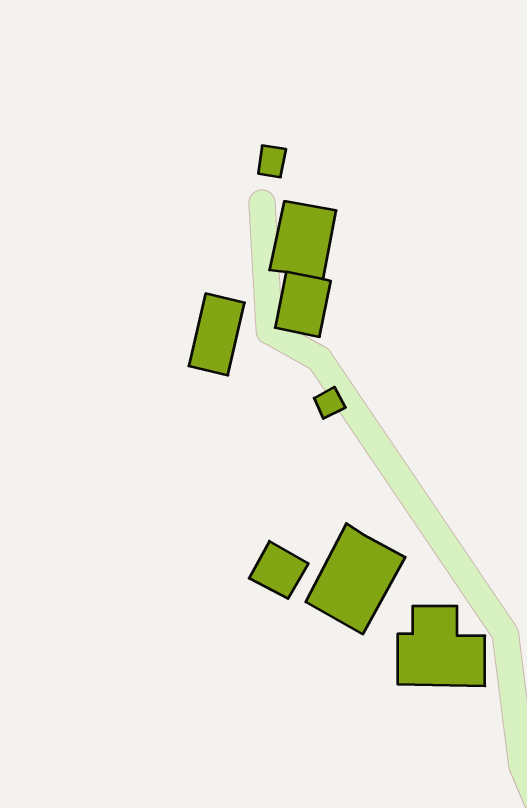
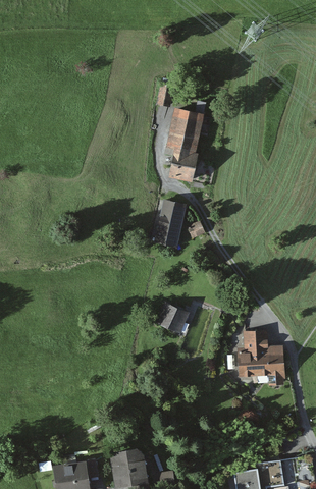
building: [189,294,245,375] -> [155,209,186,254]
building: [306,523,405,634] -> none

